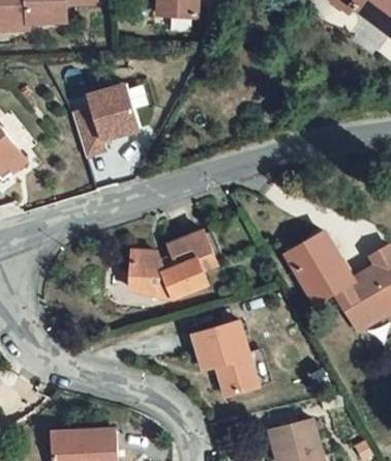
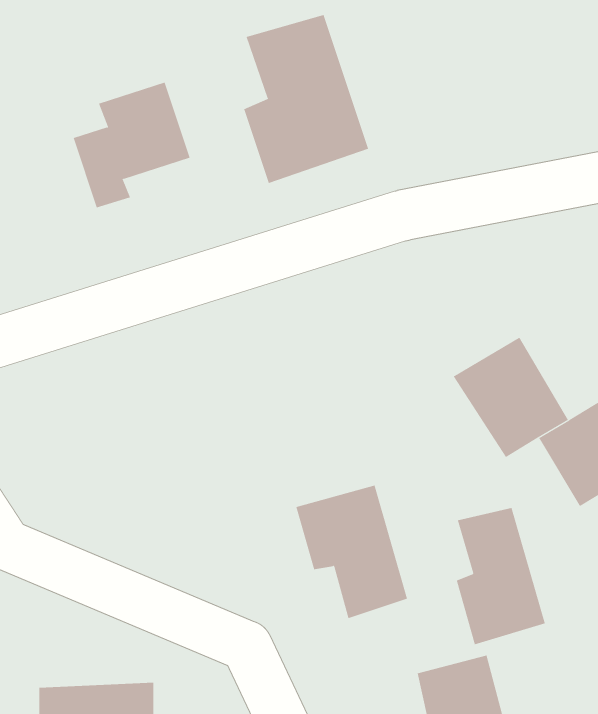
building: none -> [243,14,369,184]
building: [137,226,220,300] -> none
building: none -> [456,507,545,645]

